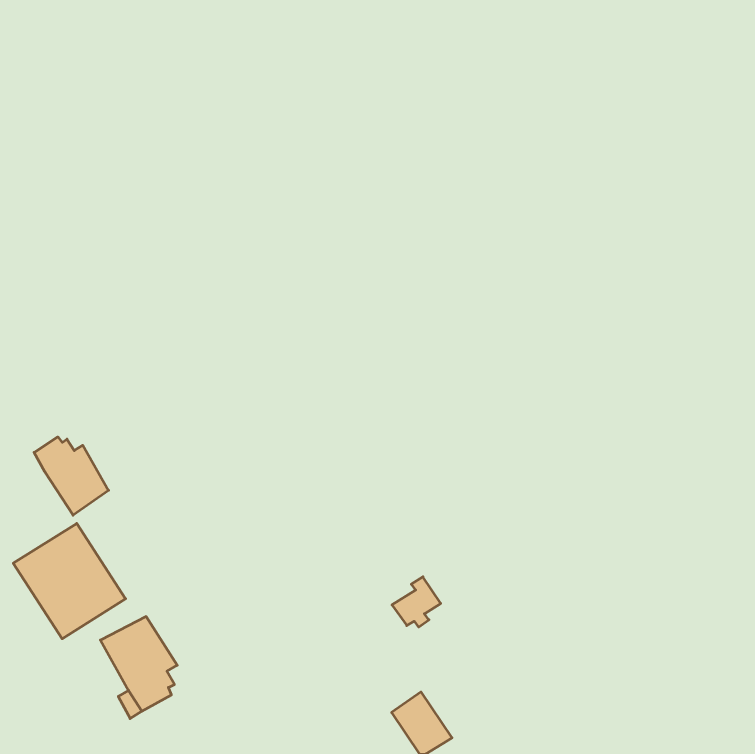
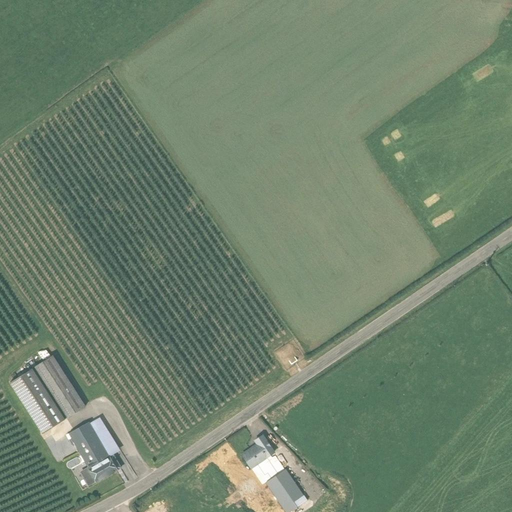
building: [34,437,109,515] -> none
building: [392,577,441,627] -> [241,435,274,469]

